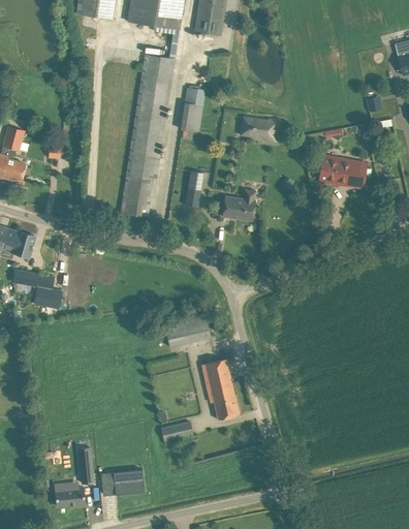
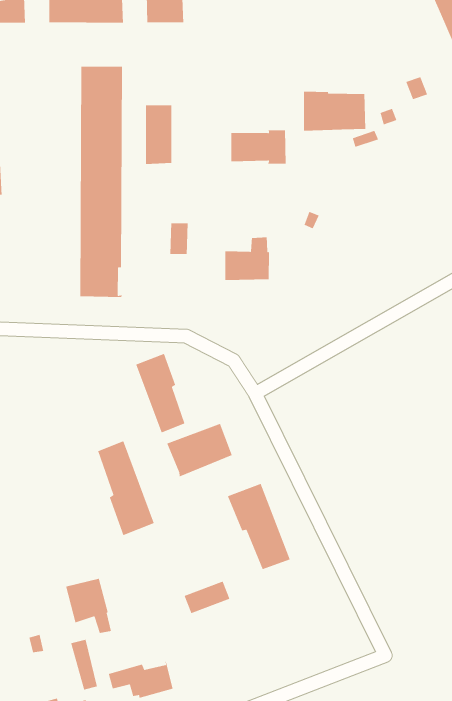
building: [318,154,365,187] -> [303,91,366,131]
building: none -> [135,353,186,434]
building: none -> [97,440,155,536]
building: none -> [65,578,112,634]

